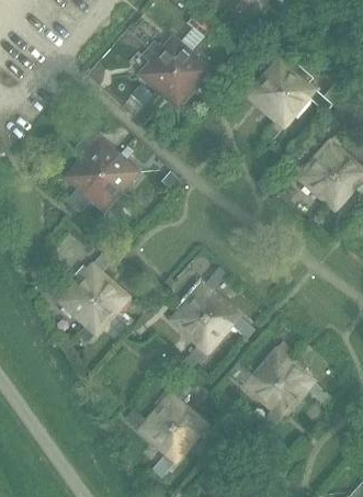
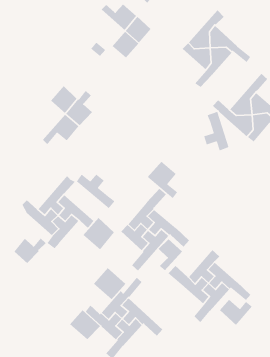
building: [138,46,174,91] -> none
building: [65,158,101,206] -> none
building: none -> [203,111,229,152]
building: none -> [147,161,178,199]
building: none -> [76,173,116,209]
building: none -> [83,217,115,251]
building: none -> [13,238,46,264]
building: none -> [158,238,183,271]
building: none -> [93,267,126,300]
building: none -> [219,299,253,326]
building: none -> [69,310,101,340]

